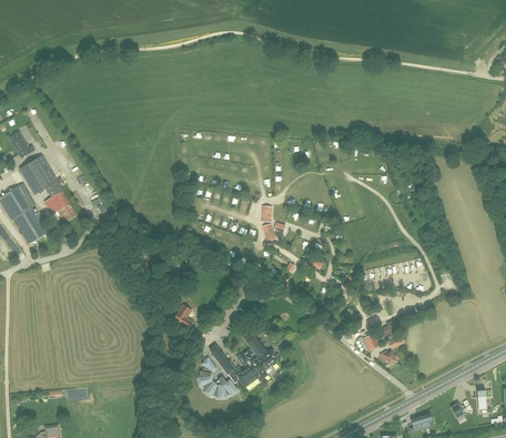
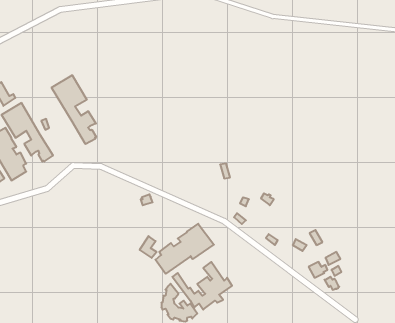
building: none -> [52,75,96,144]
building: none -> [155,224,214,274]

